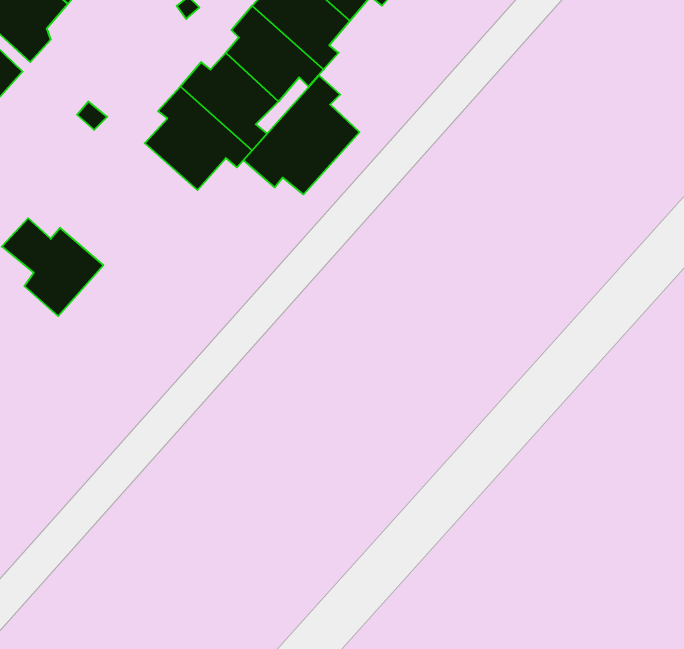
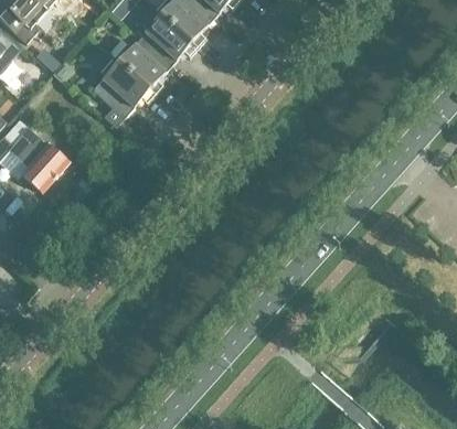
building: [244,76,359,194] -> none

